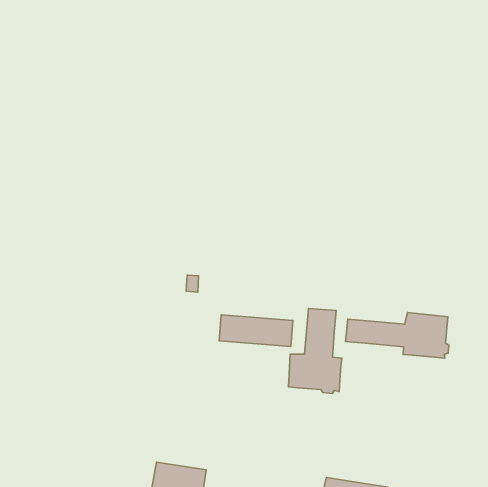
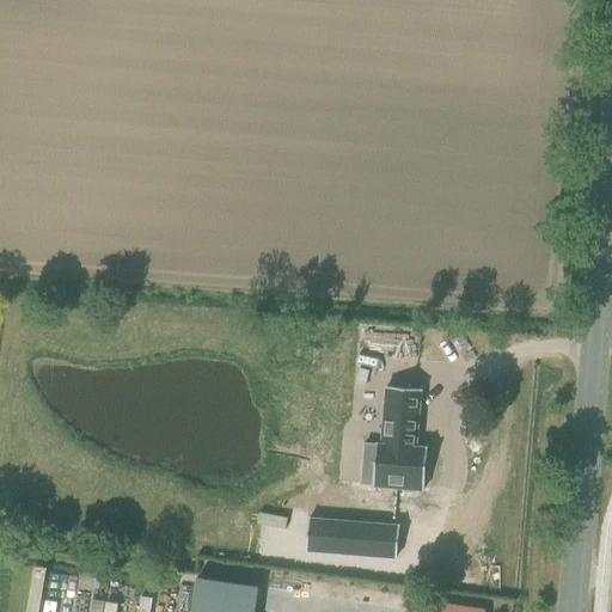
building: [345,313,449,358] -> none
building: [219,315,293,346] -> [306,519,398,558]

